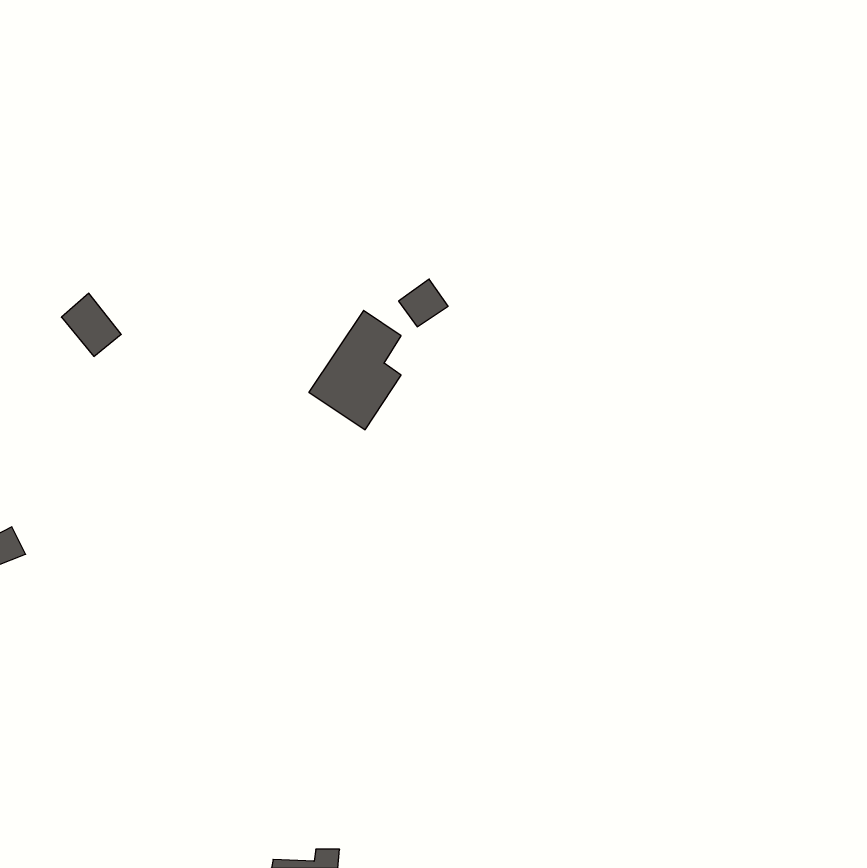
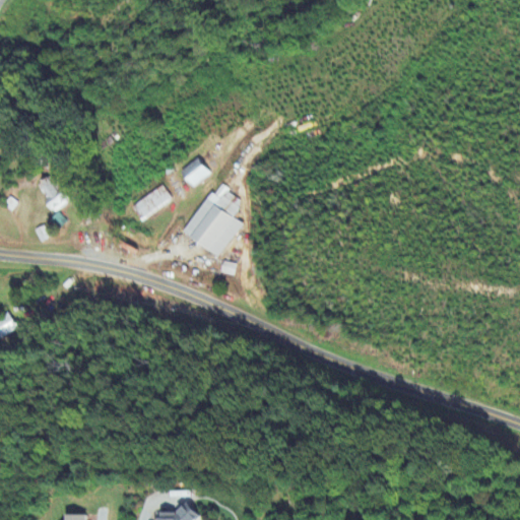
building: [399,279,448,327] -> [180,157,209,186]
building: none -> [128,185,171,221]

